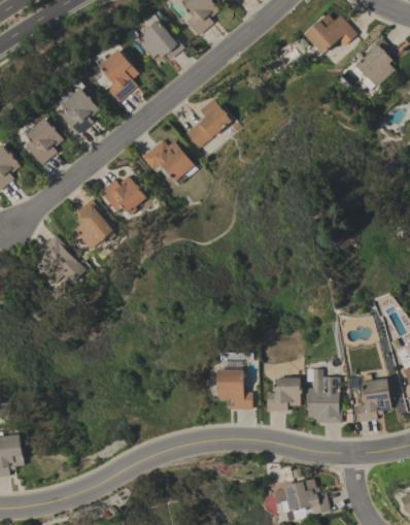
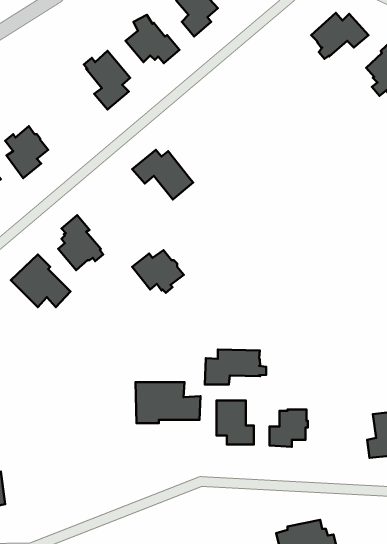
building: [61,88,99,135] -> none
building: [185,98,231,147] -> none
building: [99,175,146,215] -> [132,250,184,293]
building: none -> [205,349,266,384]
building: none -> [136,382,201,423]
building: [306,378,342,423] -> none

